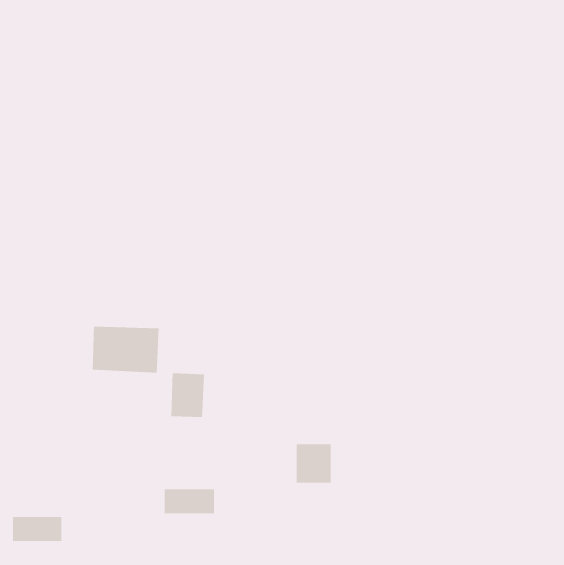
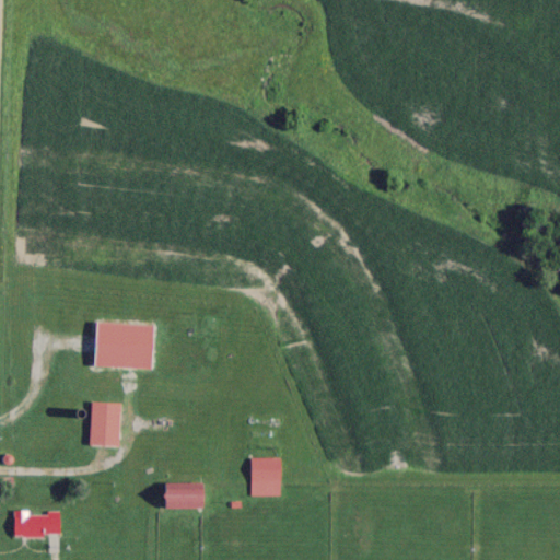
building: [171,373,205,418] -> [89,401,122,446]
building: [296,444,331,484] -> [247,456,282,495]

